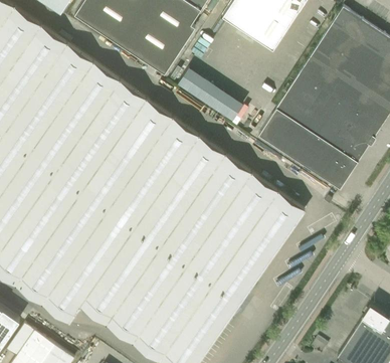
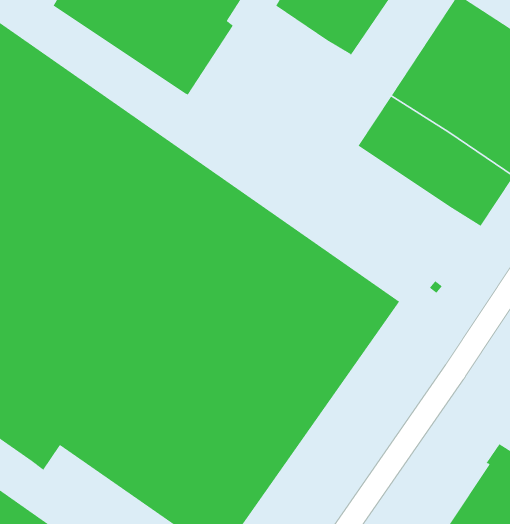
building: [180,66,247,121] -> none
building: [258,109,358,190] -> none

